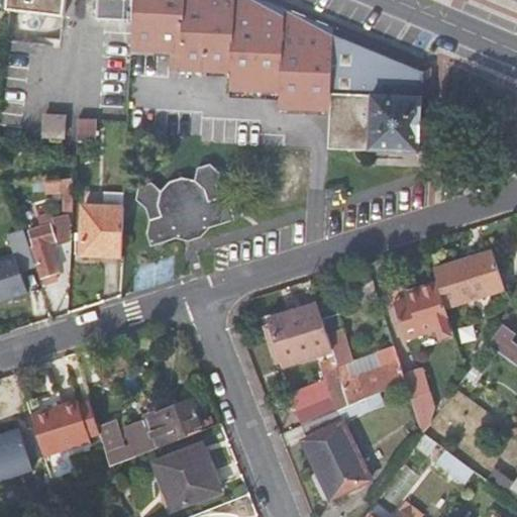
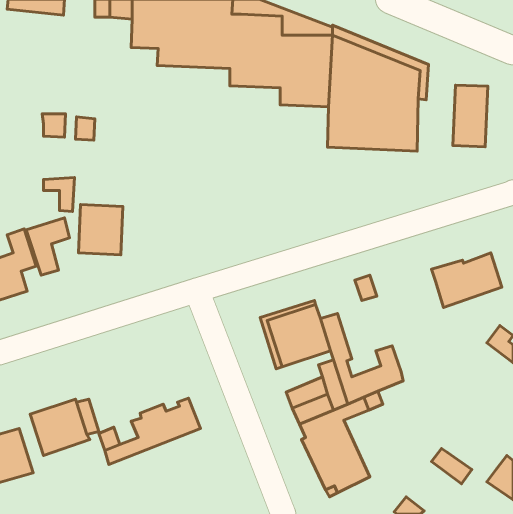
building: none -> [453,85,488,147]
building: [133,165,234,246] -> none
building: [394,282,449,339] -> none
building: [402,368,433,433] -> none
building: [153,443,220,510] -> none

